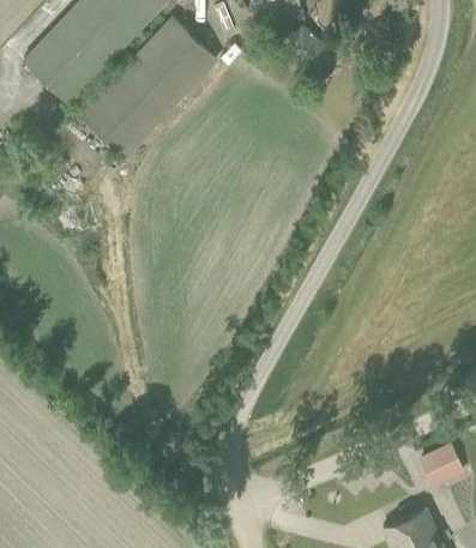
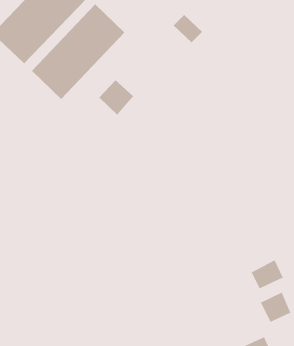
building: none -> [98,79,134,115]
building: none -> [251,260,283,289]

